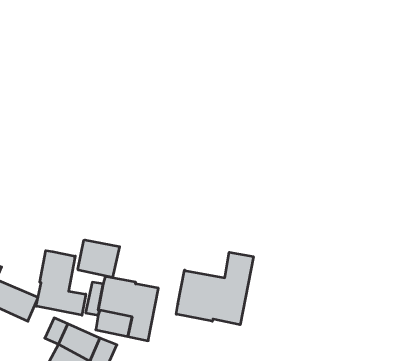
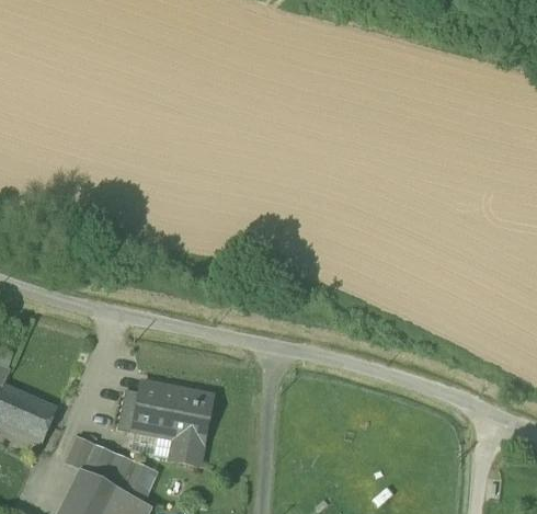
building: [78,240,120,278] -> none
building: [36,251,86,315] -> none
building: [176,252,253,325] -> none

